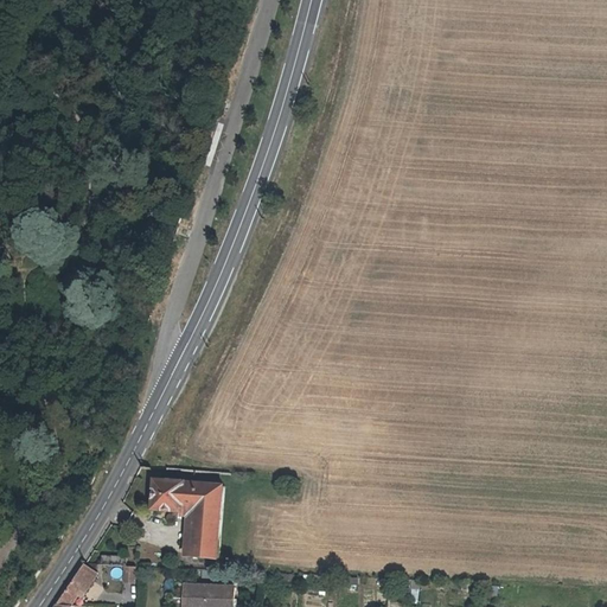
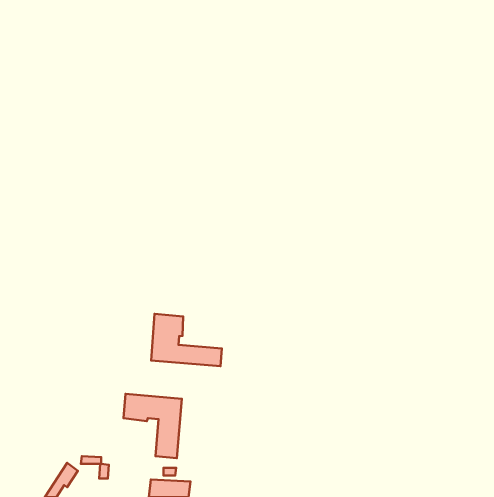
building: none -> [151,314,222,366]

